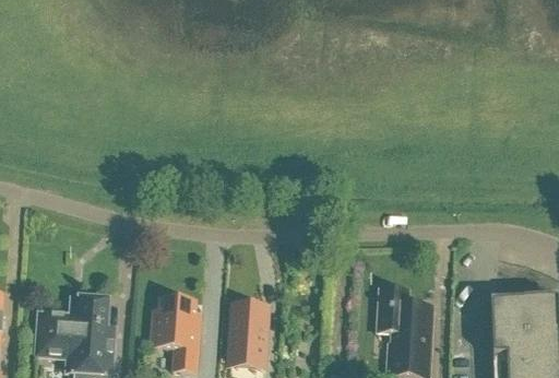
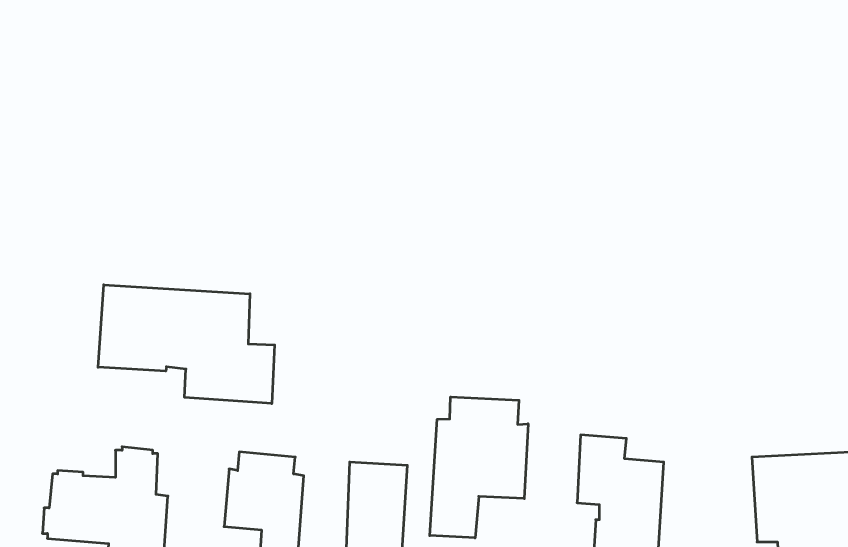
building: none -> [98,285,275,404]
building: none -> [430,397,528,538]

